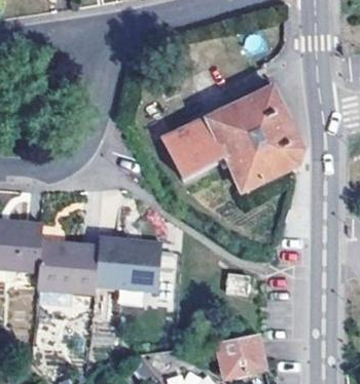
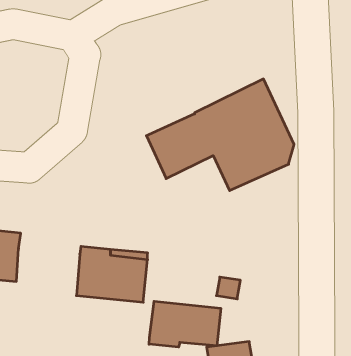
building: [38,244,100,298] -> none
building: none -> [149,301,221,347]

